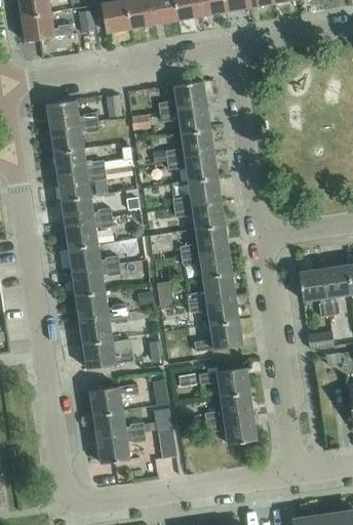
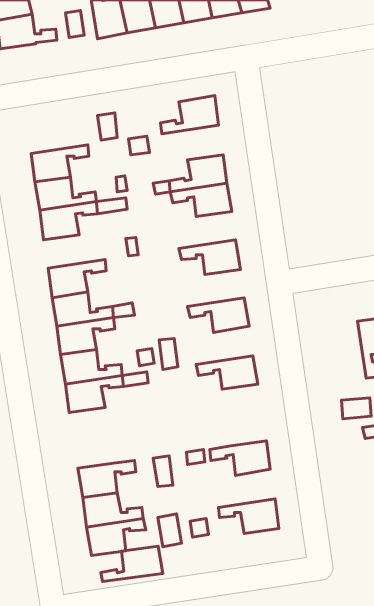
building: [46,99,97,128] -> none
building: [159,105,210,133] -> none
building: [172,176,221,207] -> none
building: [61,196,112,224] -> none
building: [180,225,228,255] -> none
building: [299,268,329,316] -> none
building: [187,272,235,304] -> none
building: [194,320,243,351] -> none
building: [82,339,133,368] -> none
building: [205,391,253,422] -> none
building: none -> [101,546,163,582]

